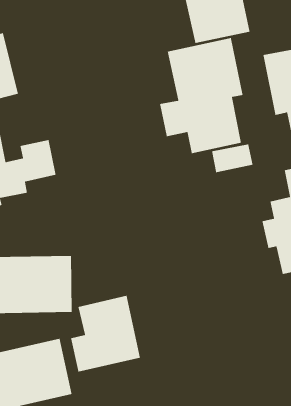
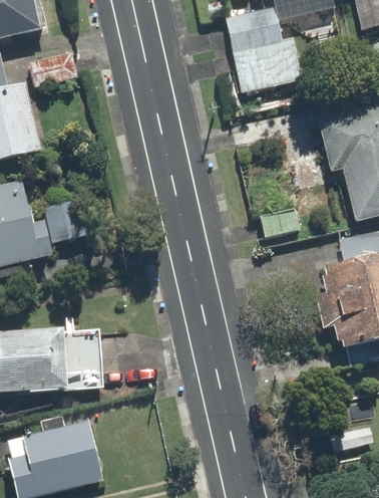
building: [159,37,243,154] -> none
building: [70,295,141,373] -> none

